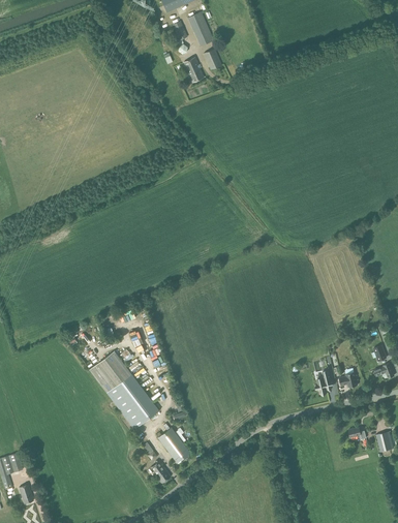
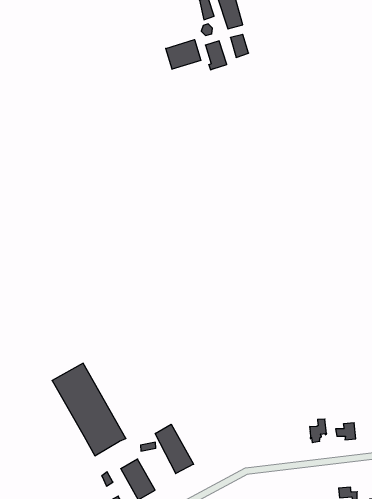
building: none -> [166,40,201,69]
building: none -> [155,424,194,474]

